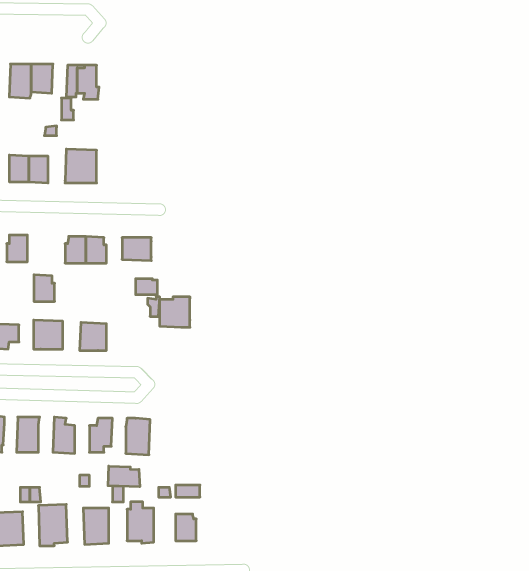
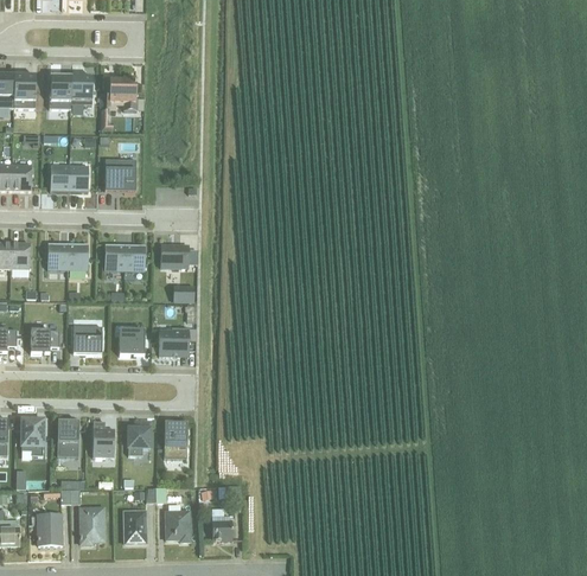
building: [34,275,55,301] -> [68,243,88,269]
building: [160,297,190,327] -> [159,327,189,357]
building: [108,466,140,487] -> none

